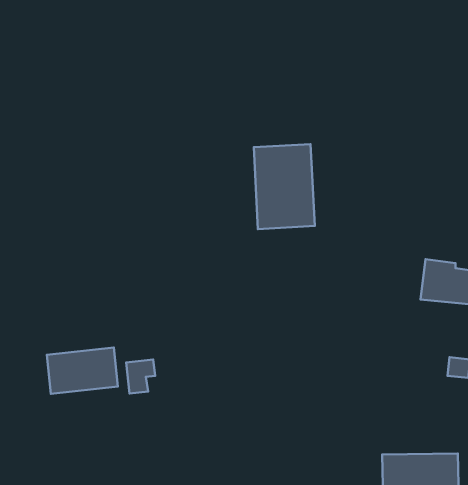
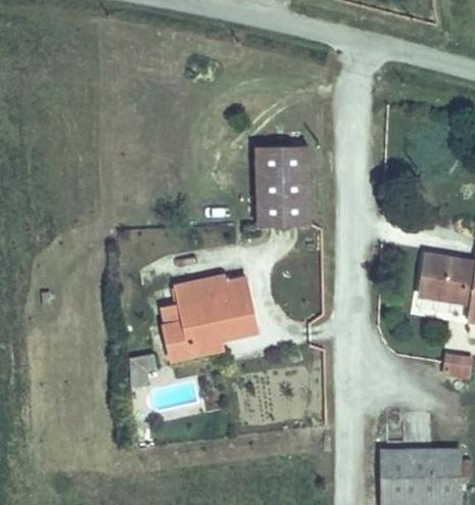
building: none -> [163,276,254,364]
building: [47,348,118,394] -> none

